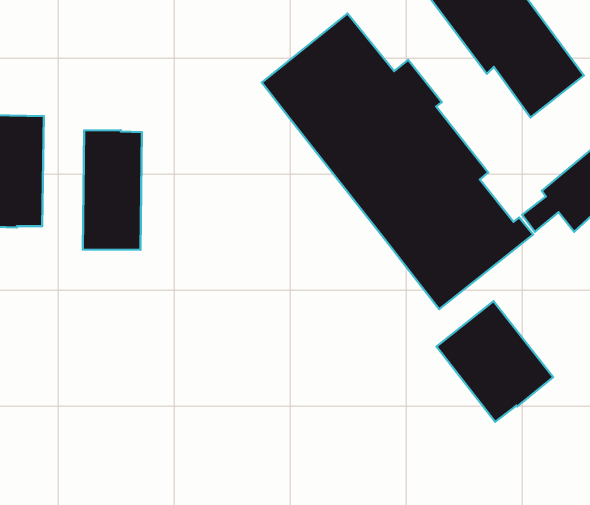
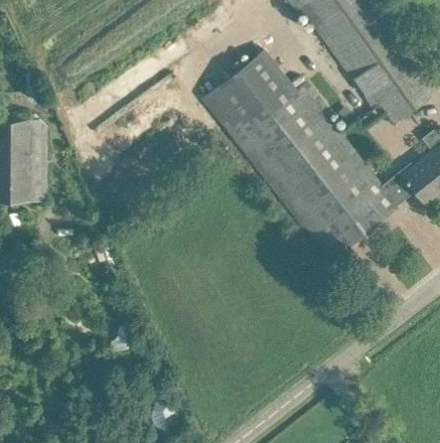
building: [83,130,142,250] -> none
building: [436,301,553,422] -> none

